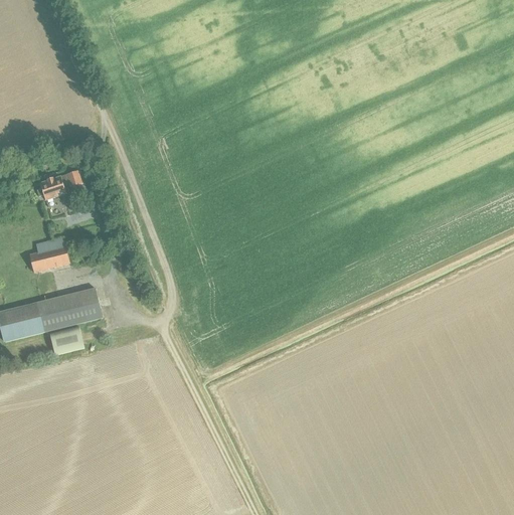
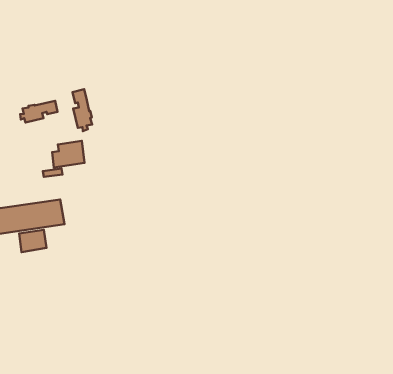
building: none -> [73,89,92,131]
building: [29,237,69,273] -> [52,141,85,168]

